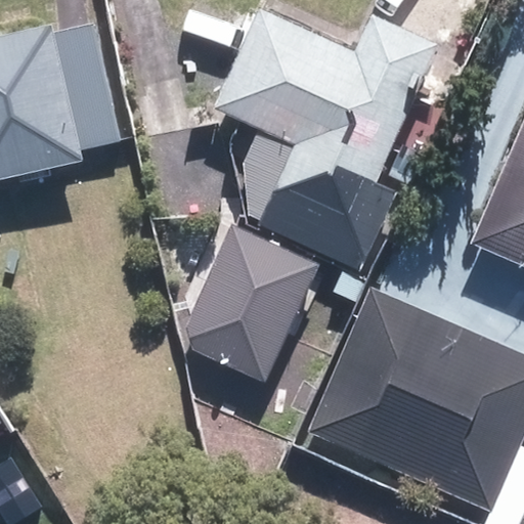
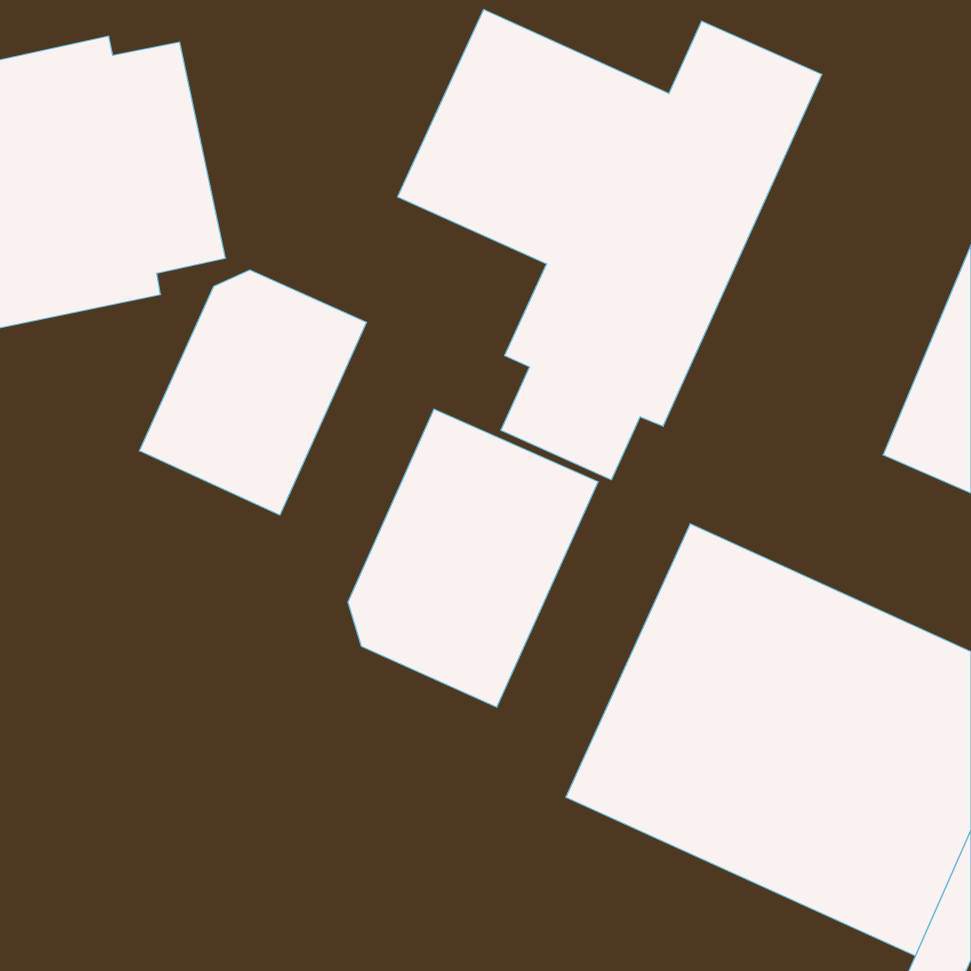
building: none -> [139,270,367,515]

